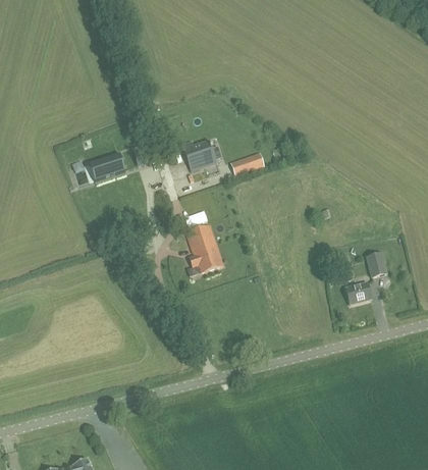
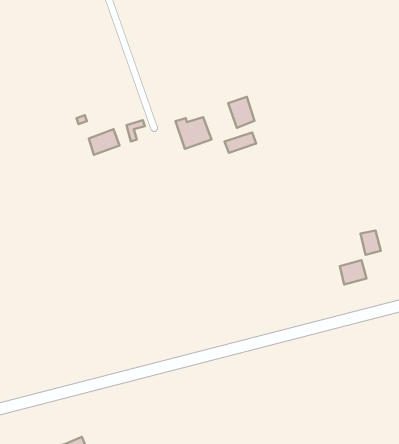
building: none -> [228,97,255,128]
building: [185,224,222,272] -> none

